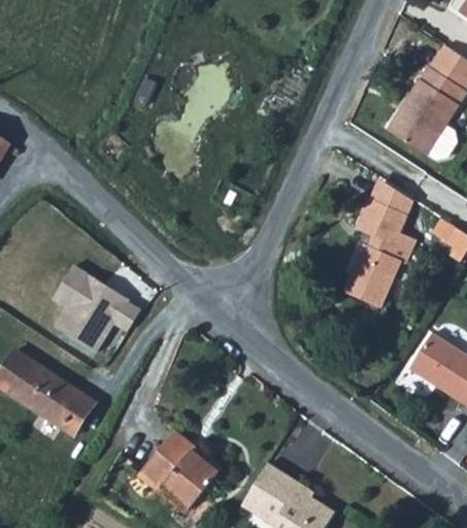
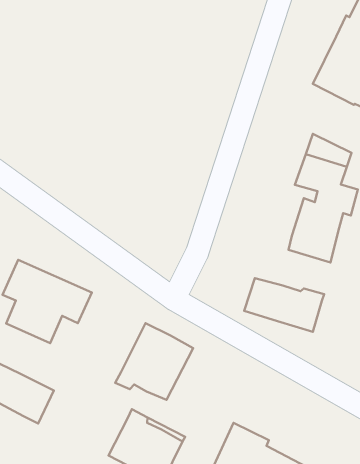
building: none -> [244,278,324,332]
building: none -> [115,323,193,400]

